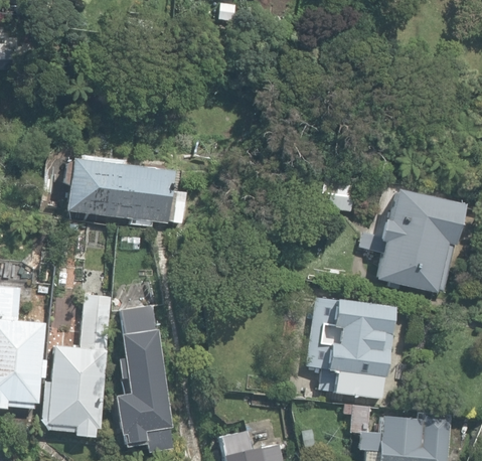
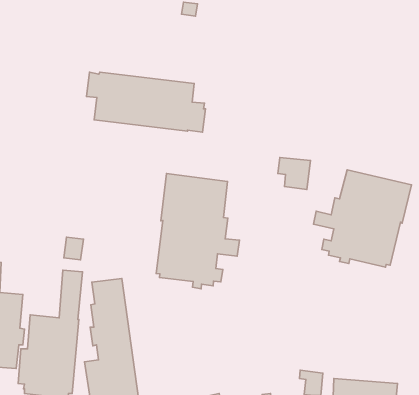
building: [58,158,186,222] -> [87,72,205,132]
building: none -> [156,174,239,289]
building: [306,297,396,398] -> none

